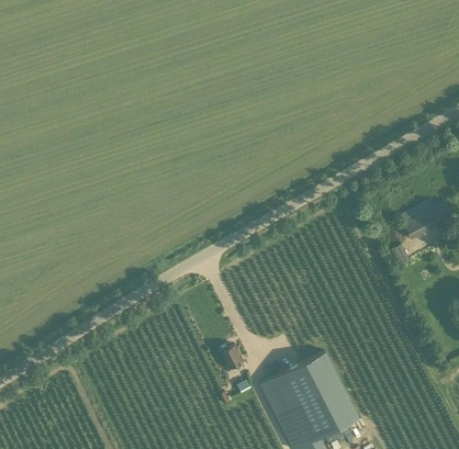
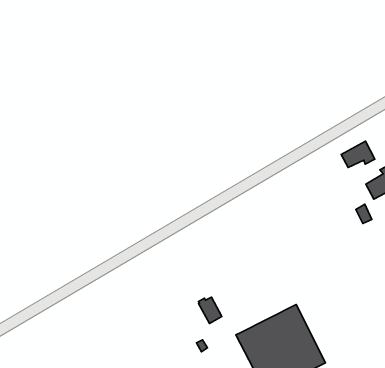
building: none -> [341,141,375,168]

